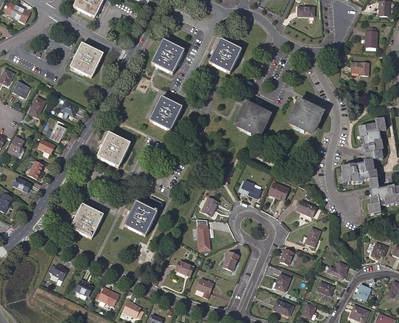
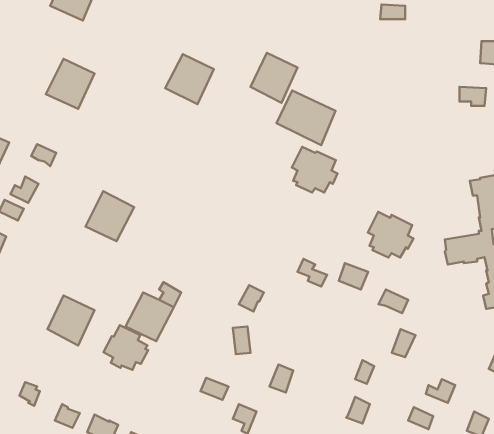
building: none -> [276,90,336,145]
building: [149,98,182,132] -> none
building: [290,102,321,133] -> [368,212,414,258]
building: none -> [103,325,148,370]

